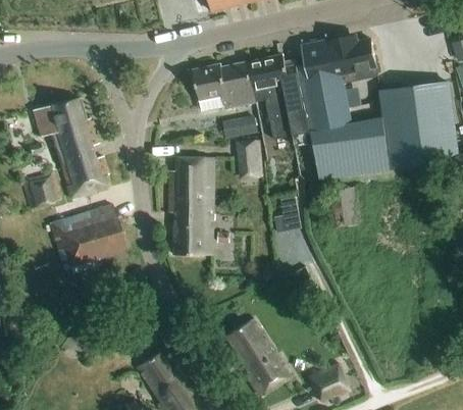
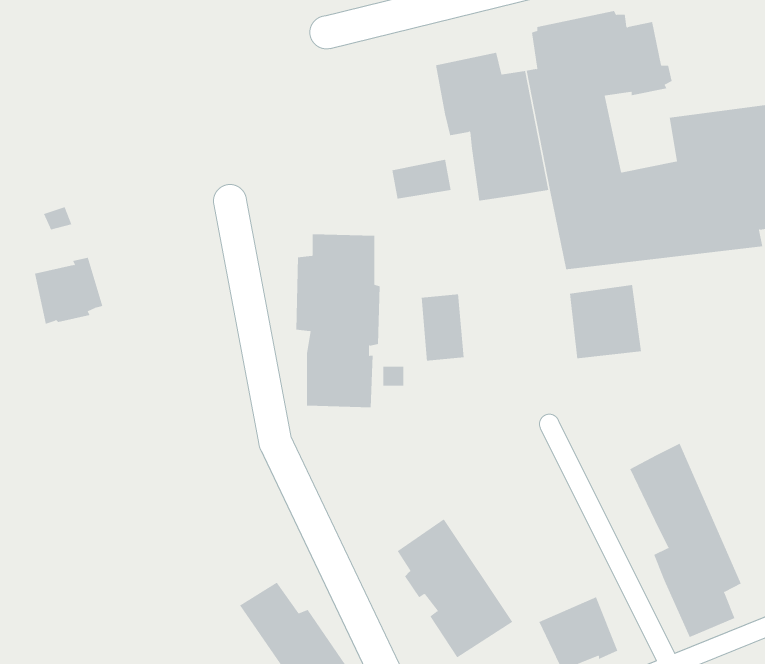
building: [194,62,255,111] -> none
building: [33,98,107,199] -> none
building: [235,141,259,178] -> [421,294,464,361]
building: [48,203,127,276] -> none
building: none -> [630,443,741,638]

